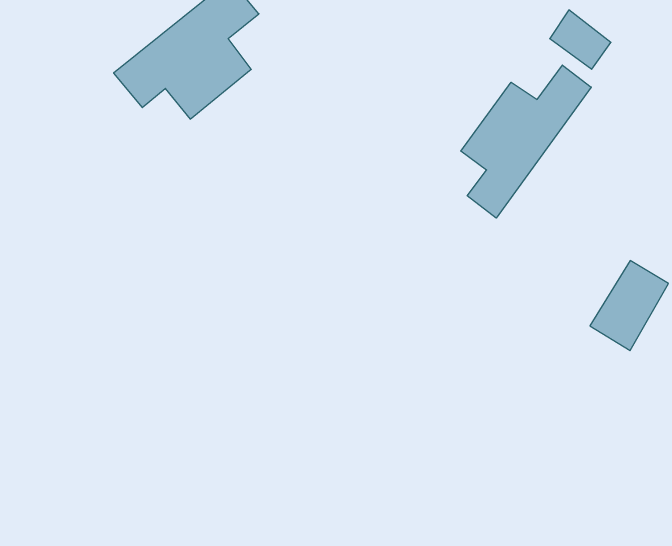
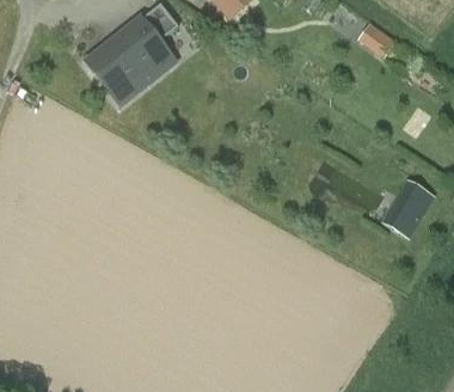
building: [461,65,591,218] -> none

